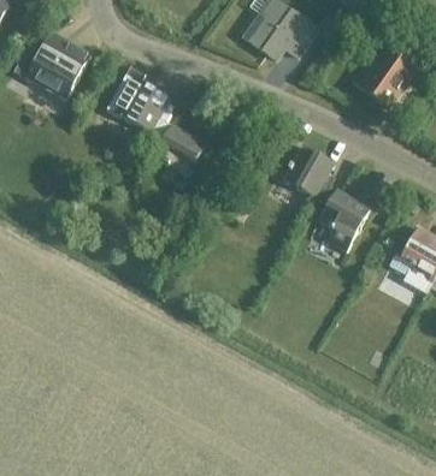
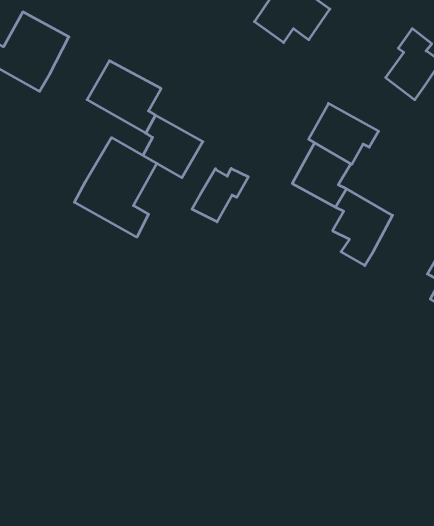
building: none -> [309,103,379,164]
building: none -> [74,138,157,237]
building: none -> [192,168,248,222]

